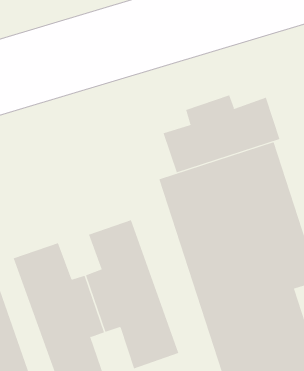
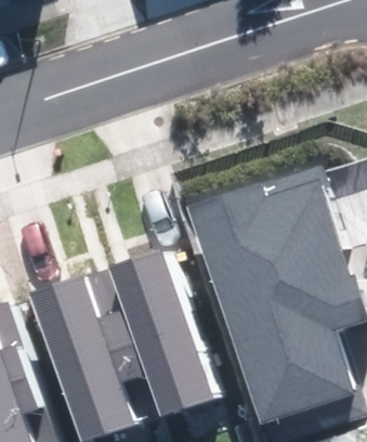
building: [163,94,280,173] -> none

